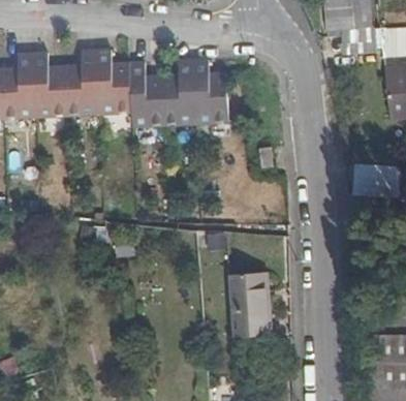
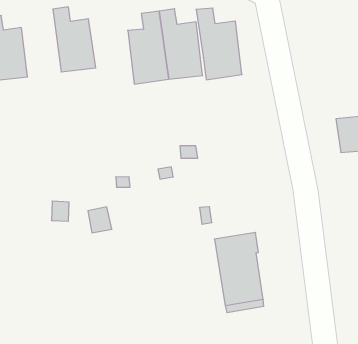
building: [68,49,101,109] -> none
building: [130,60,167,125] -> [196,8,242,80]

